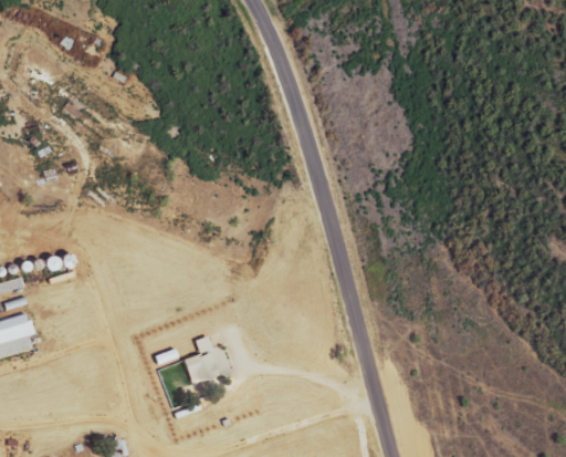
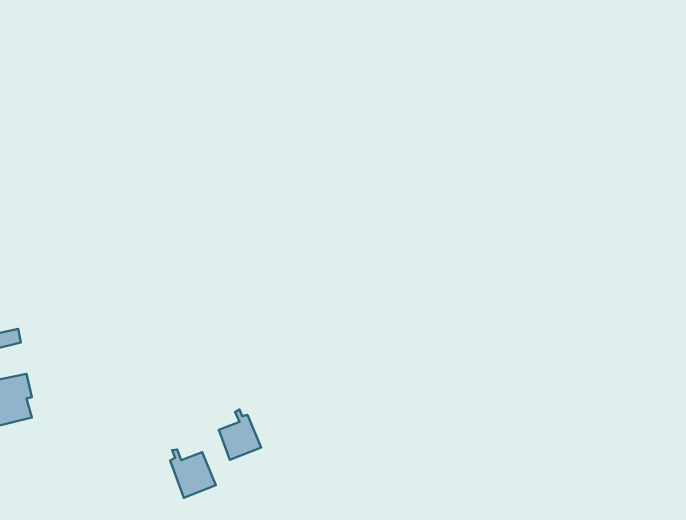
building: none -> [170,449,216,498]

